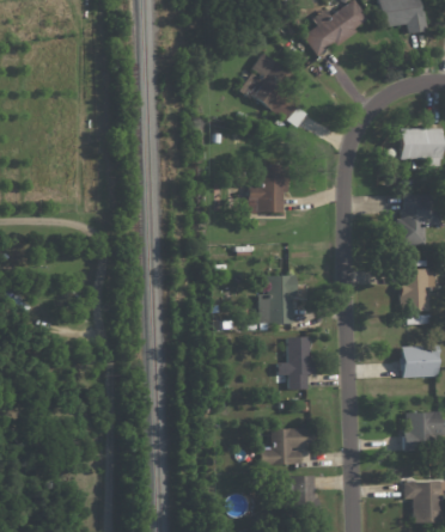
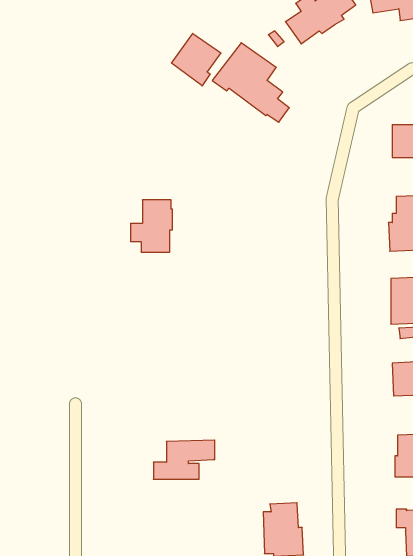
building: none -> [172,33,221,86]
building: [248,165,286,213] -> [131,200,172,252]
building: [258,275,295,325] -> none
building: [278,337,313,390] -> none
building: [258,429,315,465] -> [153,440,215,479]

